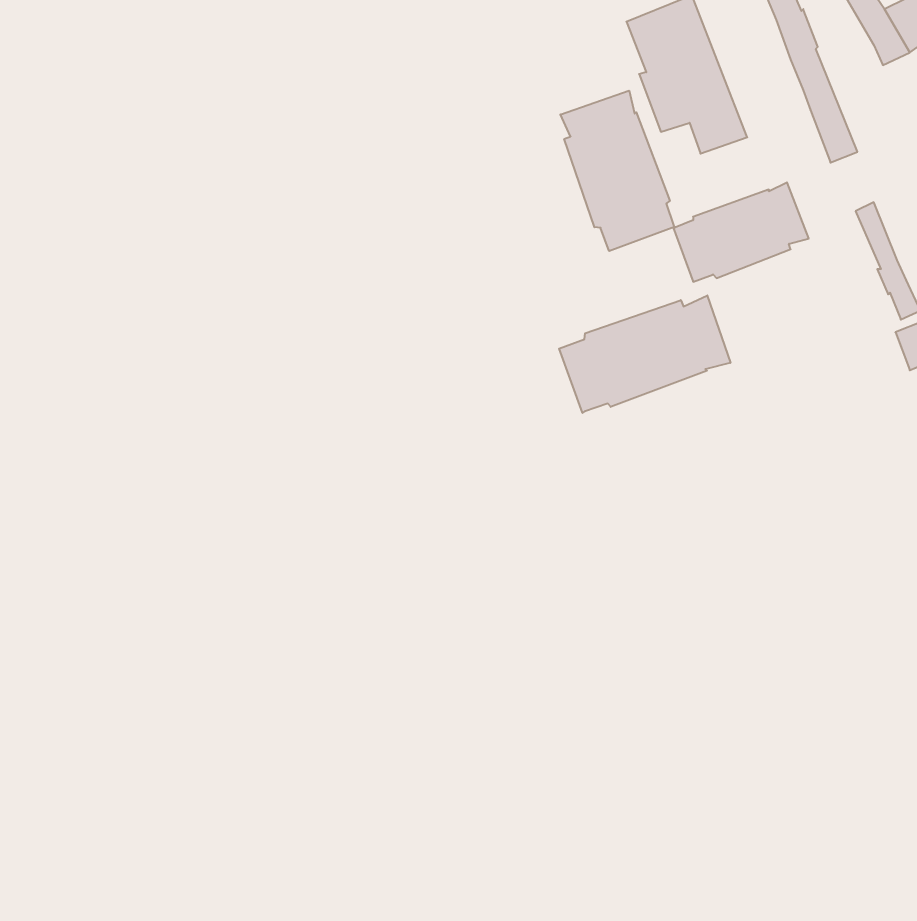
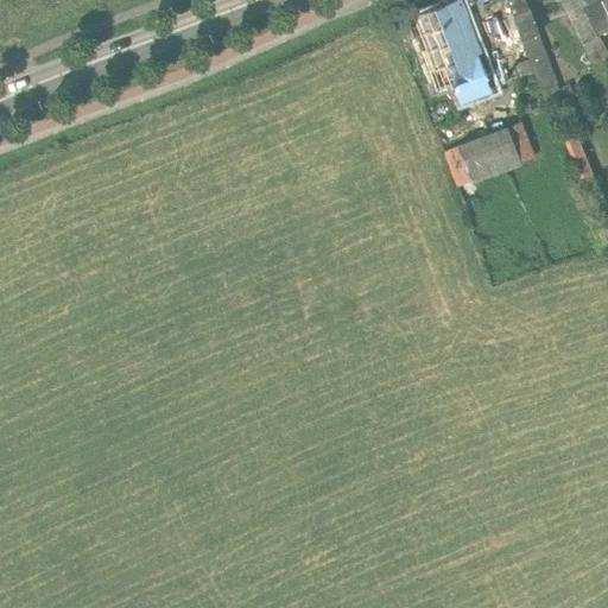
building: [560,91,675,251] -> none
building: [559,295,730,413] -> none

